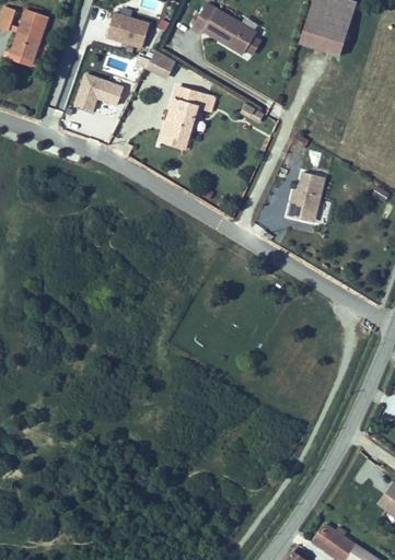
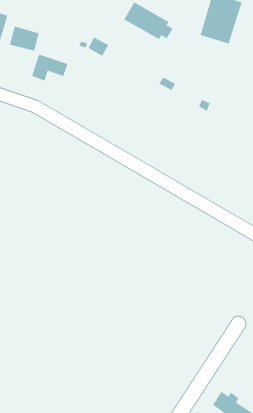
building: [109,12,150,46] -> [9,26,40,51]
building: [163,88,217,149] -> none
building: [287,172,326,223] -> none

